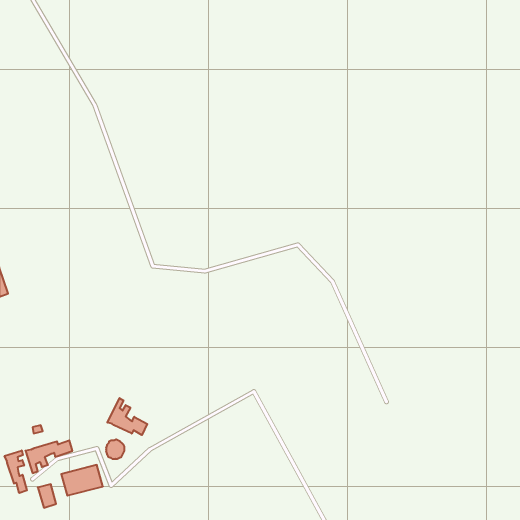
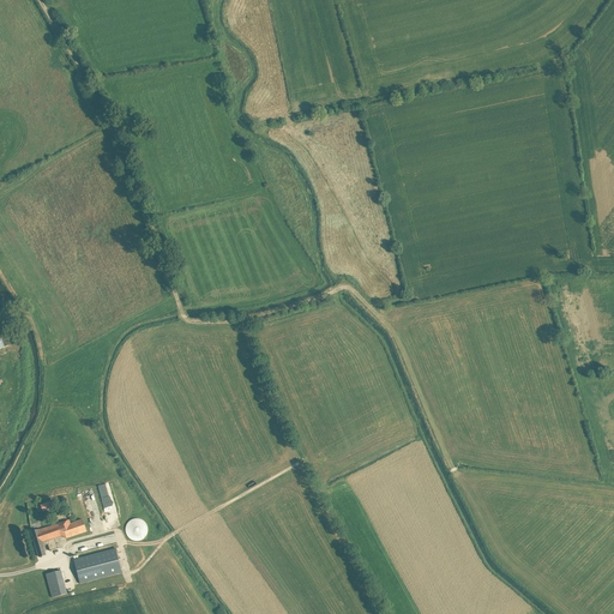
building: [107,398,147,435] -> none
building: [5,450,27,493] -> none

